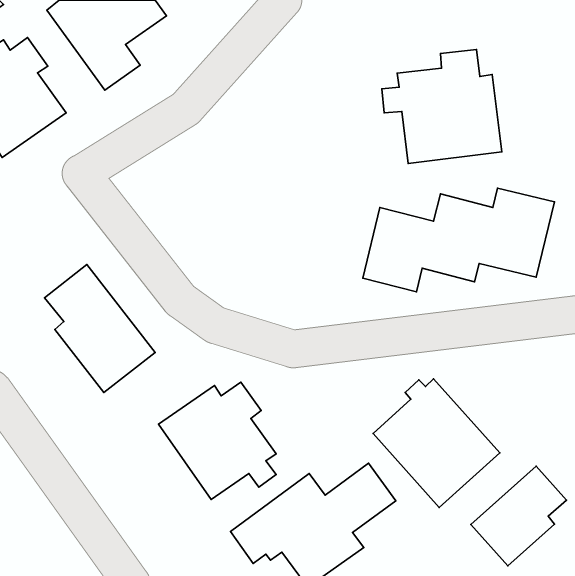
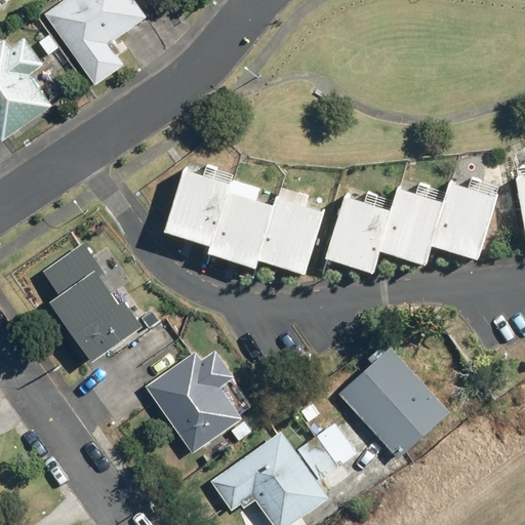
building: [382,50,502,163] -> none
building: none -> [167,165,326,272]
building: [471,466,567,566] -> none

